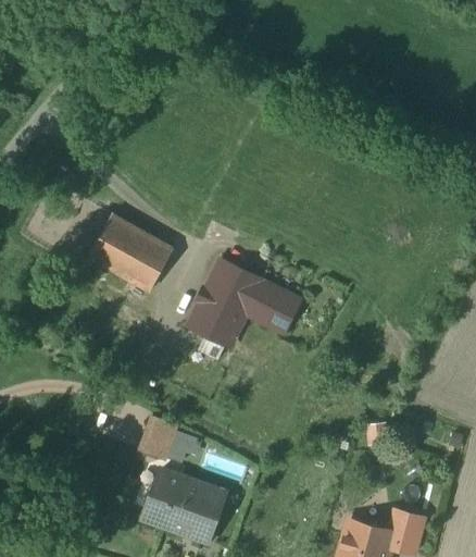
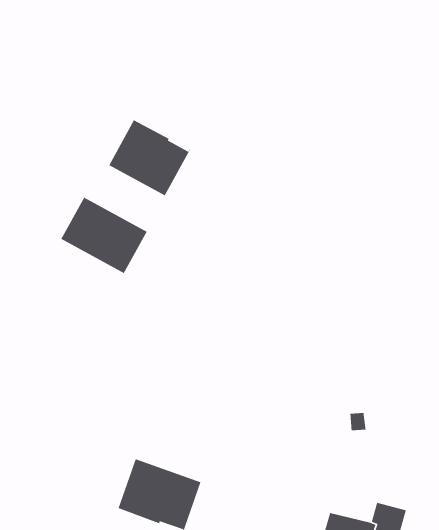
building: none -> [108,119,191,196]
building: [188,260,299,345] -> none

